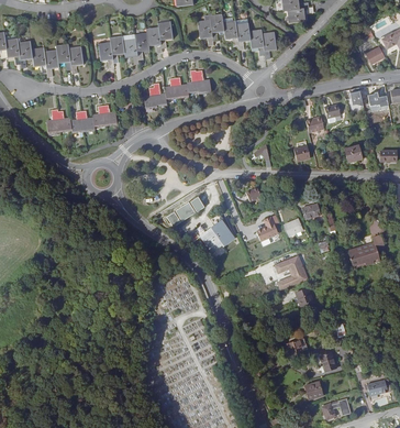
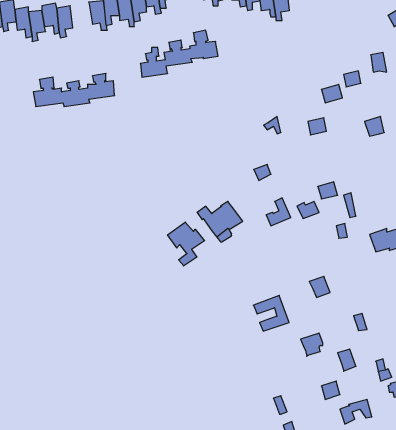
building: none -> [168,222,205,266]
building: [268,257,300,289] -> [253,295,289,331]

